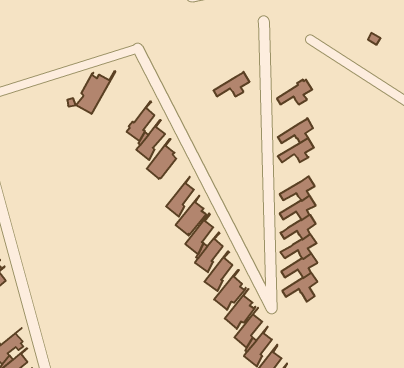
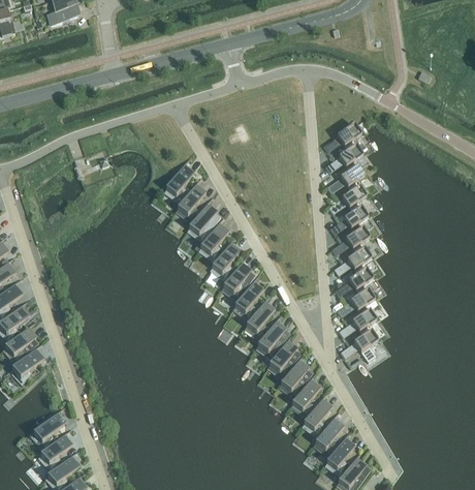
building: [76,71,115,114] -> none
building: [213,72,250,96] -> [324,145,362,173]
building: none -> [329,207,367,235]
building: none -> [199,215,228,258]

